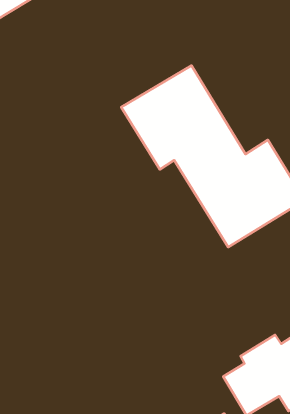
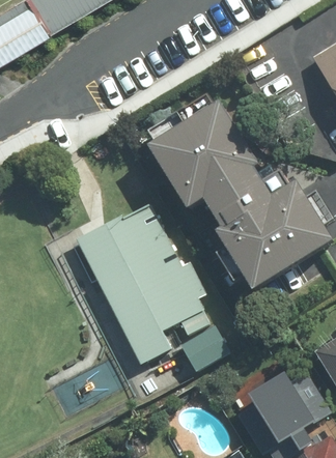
building: none -> [80,220,205,378]

